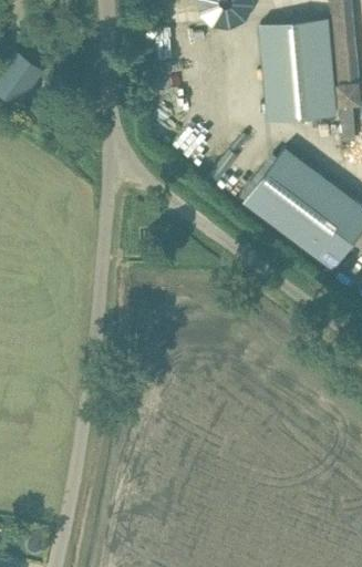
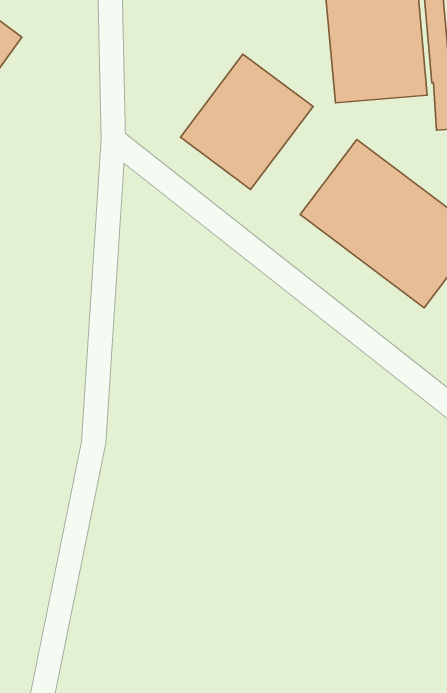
building: none -> [180,54,313,190]

